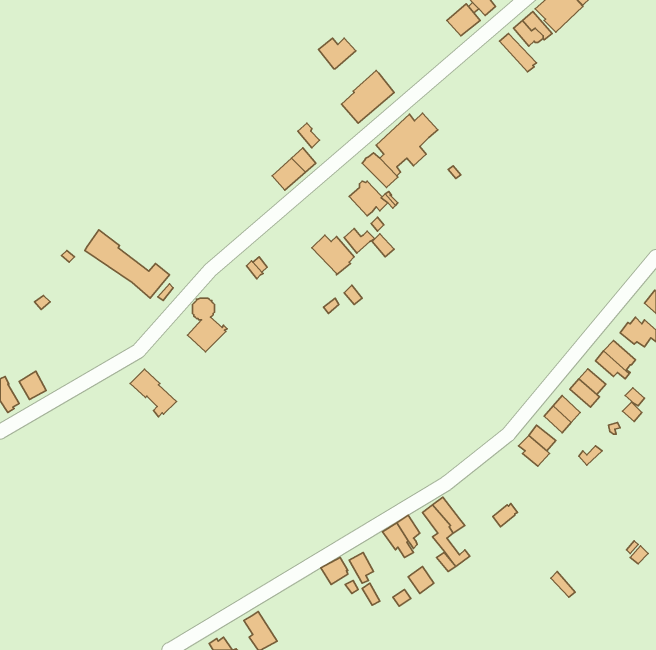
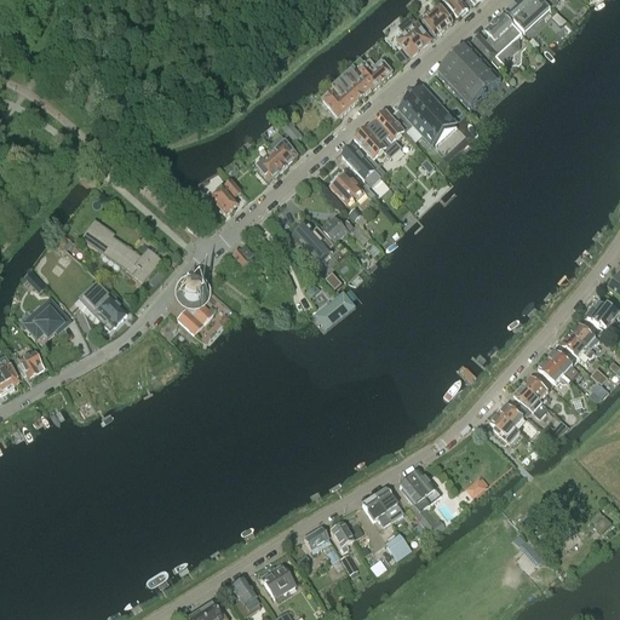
building: none -> [397,15,431,54]
building: [319,38,356,69] -> [357,58,392,87]
building: none -> [437,42,501,105]
building: none -> [398,84,457,144]
building: none -> [209,179,240,213]
building: none -> [25,295,65,335]
building: [130,369,176,417] -> [82,282,126,327]
building: none -> [260,563,294,597]

